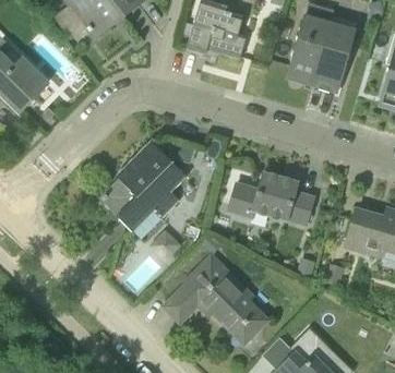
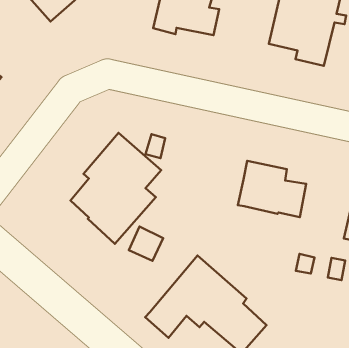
building: [229,182,258,218] -> none

